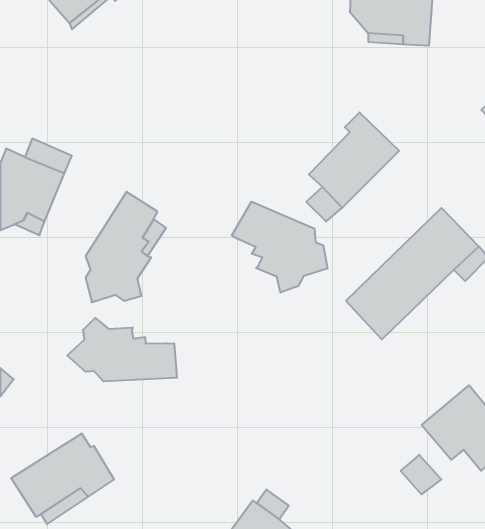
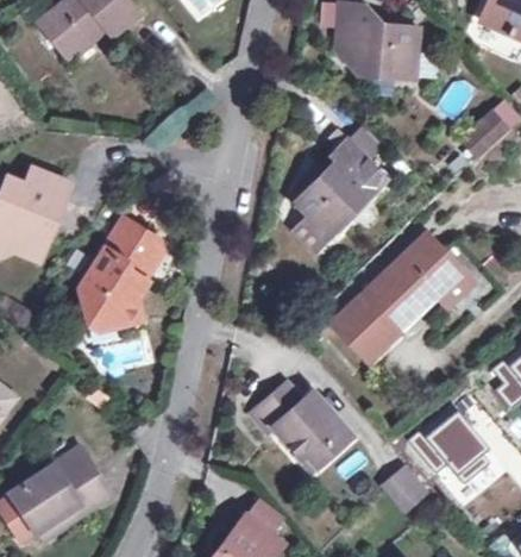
building: [232,202,328,293] -> none
building: [67,318,177,381] -> none
building: none -> [252,383,350,465]

